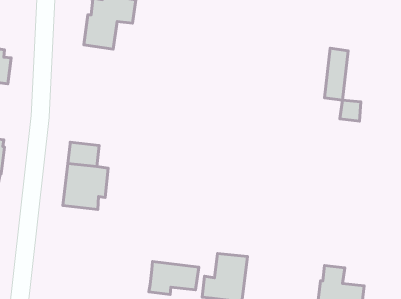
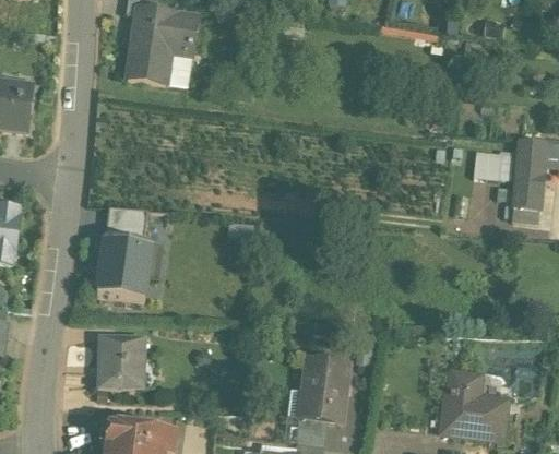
building: [325,48,348,100] -> [513,141,545,211]
building: none -> [96,337,145,386]
building: [149,261,199,295] -> none

